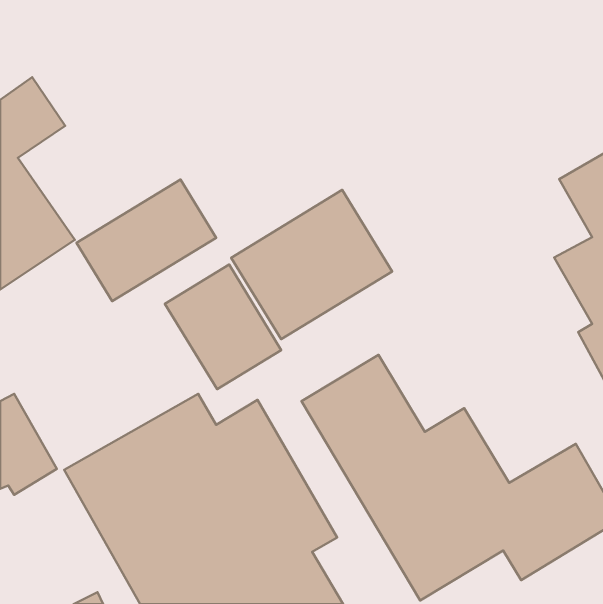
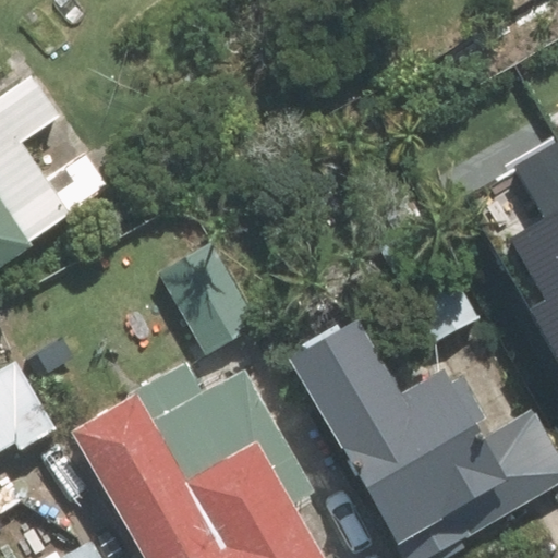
building: [77,179,216,301] -> none
building: [231,190,392,339] -> none

